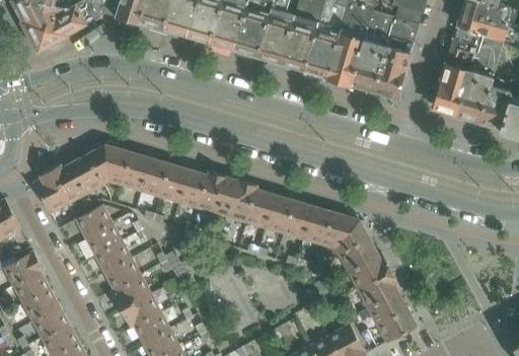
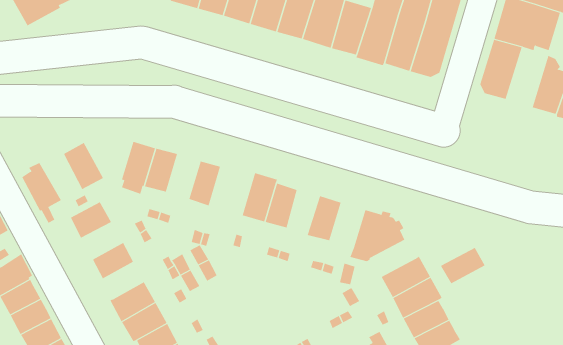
building: [457,70,494,123] -> none
building: [88,142,131,186] -> none
building: [50,163,86,204] -> none
building: [160,163,190,203] -> none
building: [198,171,237,217] -> none
building: [266,195,294,234] -> none
building: [303,206,333,245] -> none
building: [85,223,123,256] -> none
building: [339,238,378,271] -> [440,247,486,284]
building: [104,258,141,290] -> none

